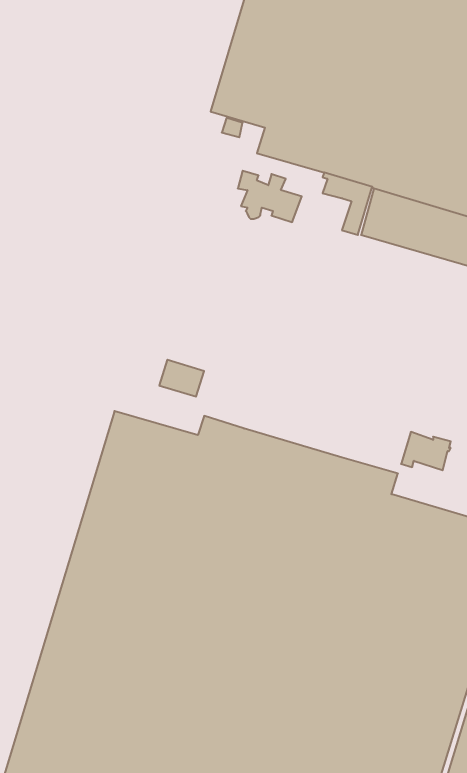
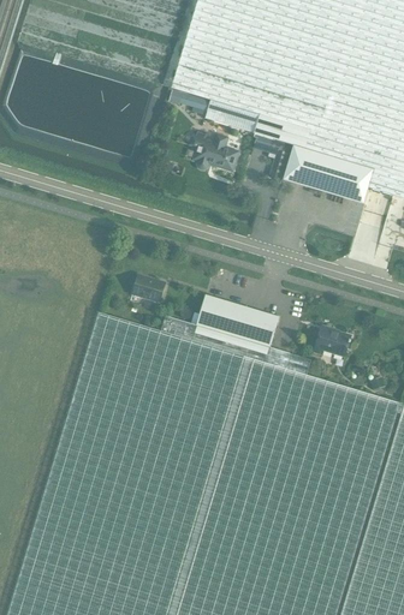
building: none -> [196,295,279,348]

